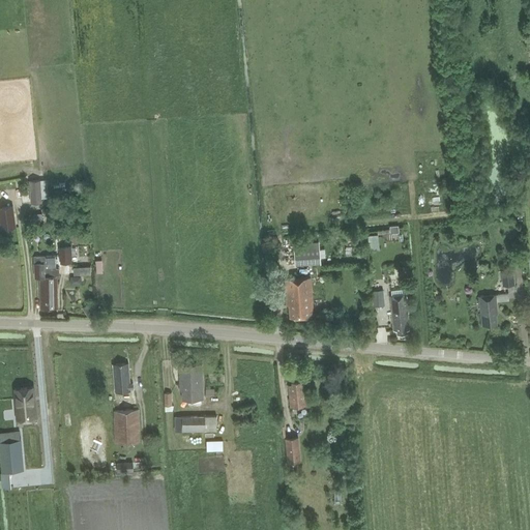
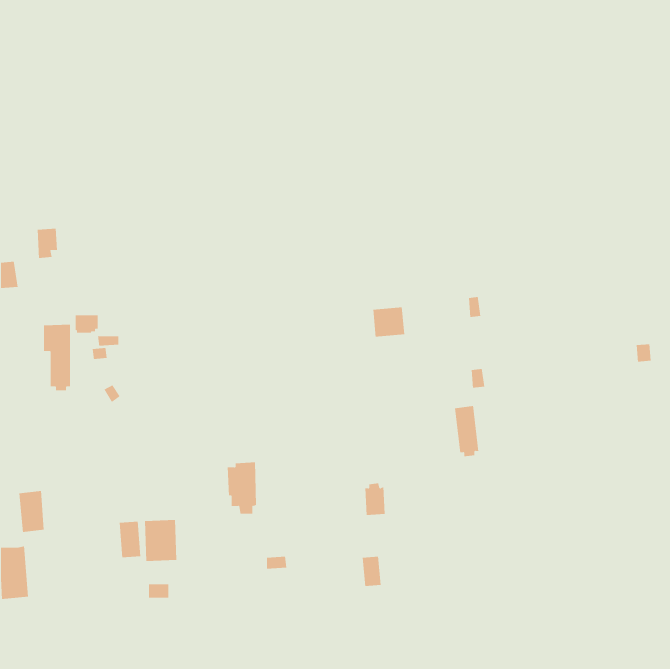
building: [284,278,313,319] -> none
building: [389,295,409,335] -> [454,406,479,457]
building: [478,296,497,326] -> none
building: [113,364,130,393] -> [119,521,141,558]
building: [174,417,216,433] -> none

